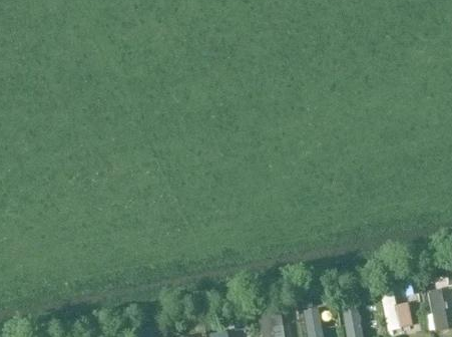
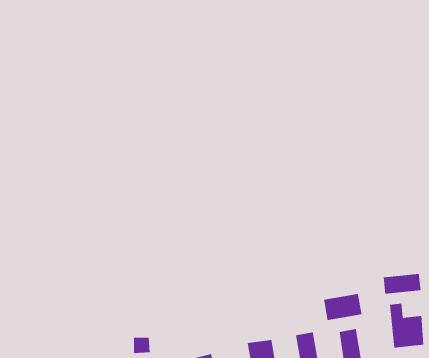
building: none -> [383,273,421,294]
building: none -> [323,293,362,321]

